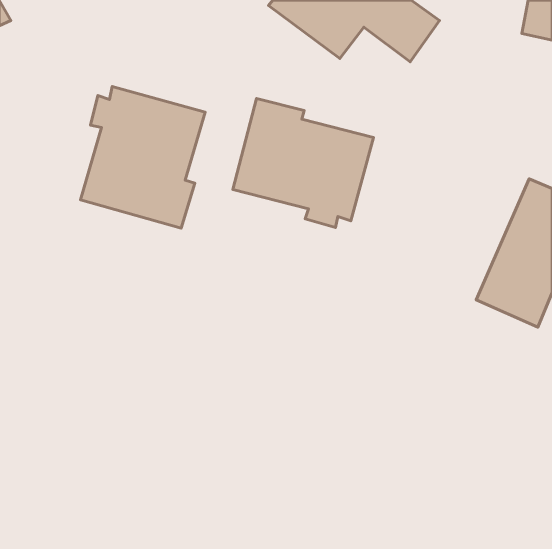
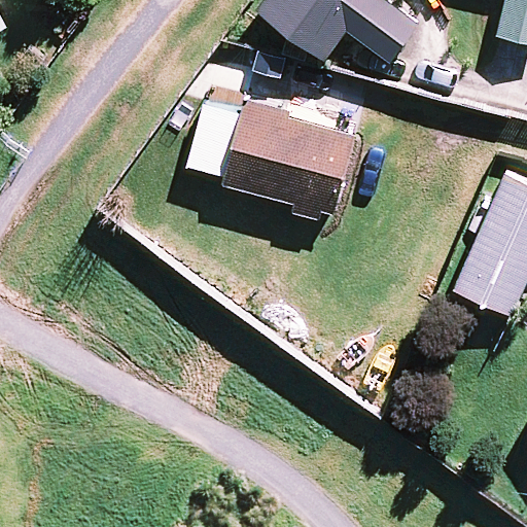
building: [81,87,205,228] -> none

